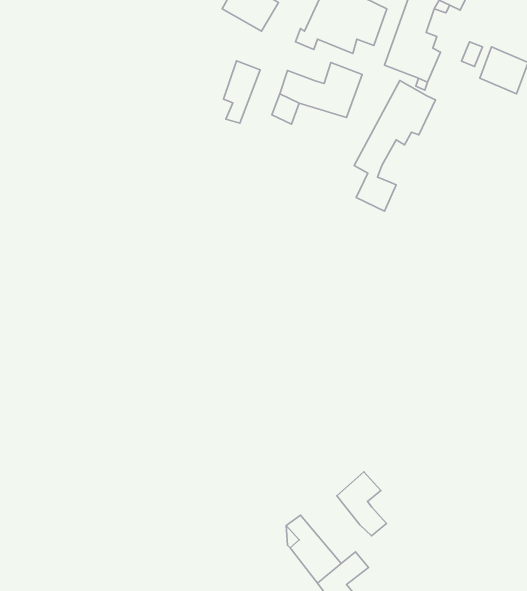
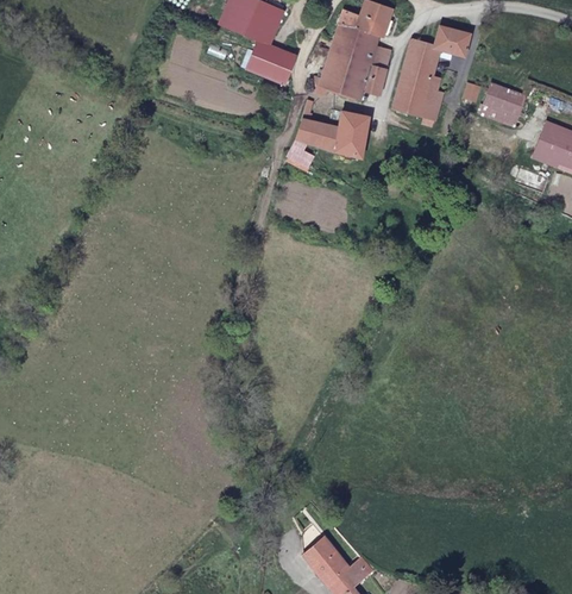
building: [224,61,260,123] -> none
building: [354,80,435,211] -> none
building: [337,472,387,536] -> none

